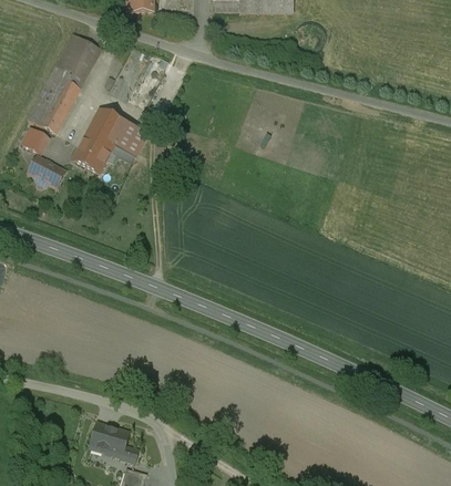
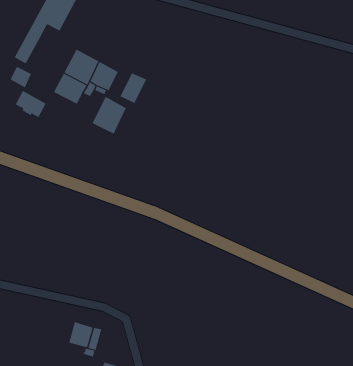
building: [41,80,80,133] -> none
building: none -> [120,72,147,104]
building: none -> [92,96,127,134]

